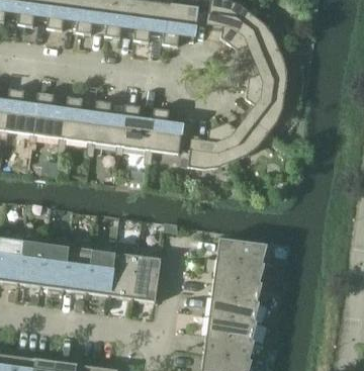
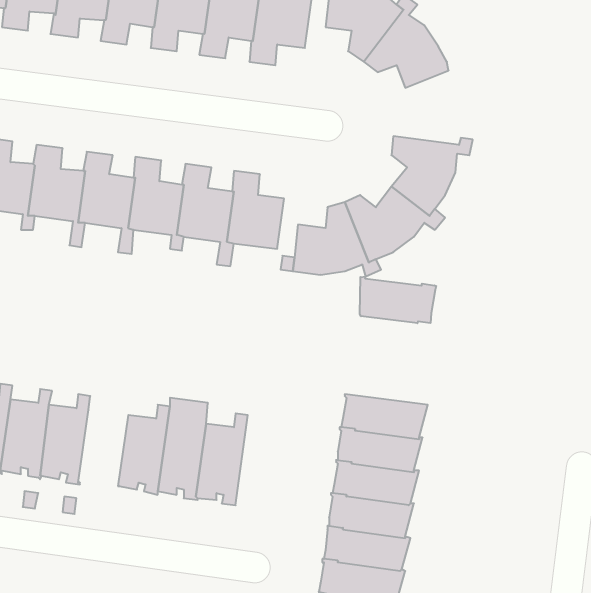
building: [247,42,288,93] -> none
building: none -> [360,277,436,323]
building: [63,242,93,294] -> none

